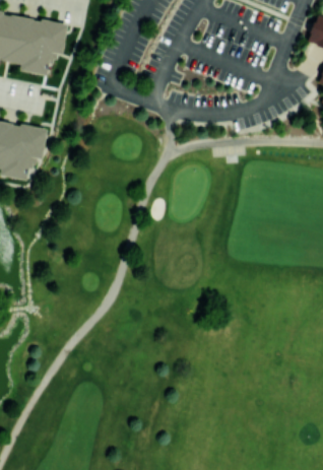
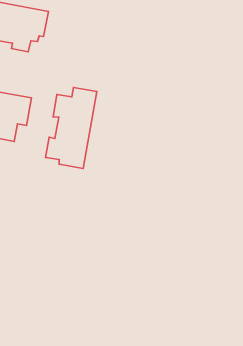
building: none -> [45,88,97,168]

